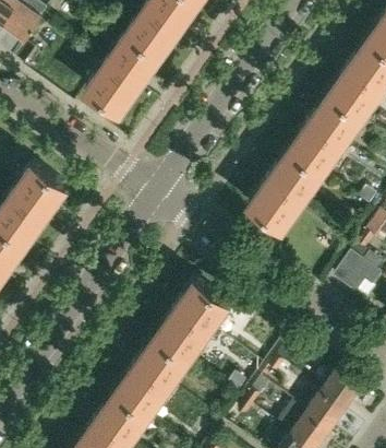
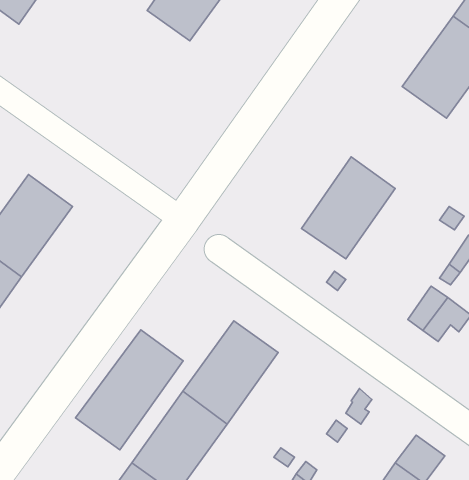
building: [86,33,160,114] -> none
building: [288,93,363,174] -> none
building: none -> [75,330,183,450]

